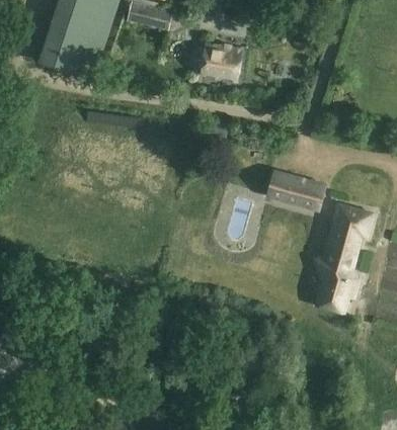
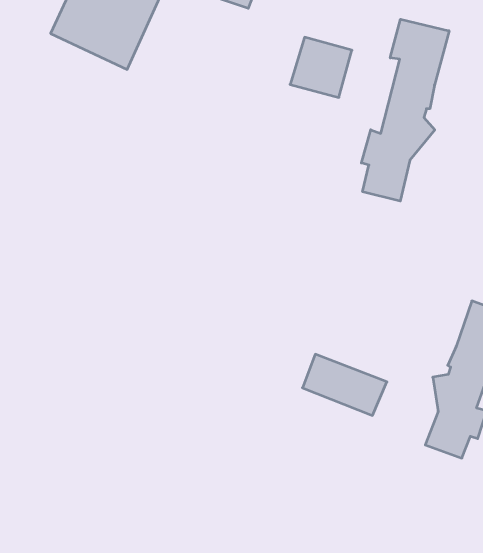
building: none -> [361,19,449,201]
building: [268,173,324,209] -> [302,354,387,415]

